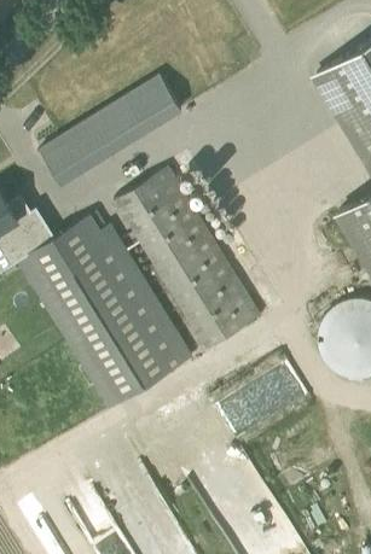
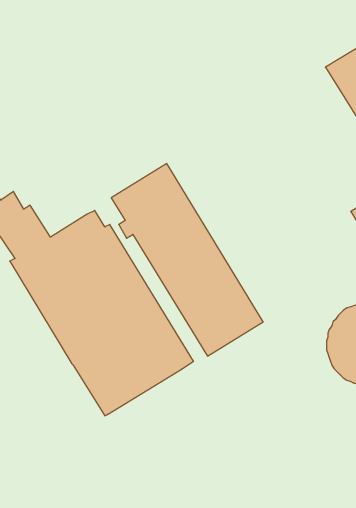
building: [41,77,181,183] -> none
building: [228,365,309,433] -> none

